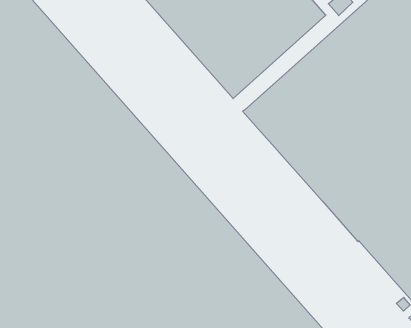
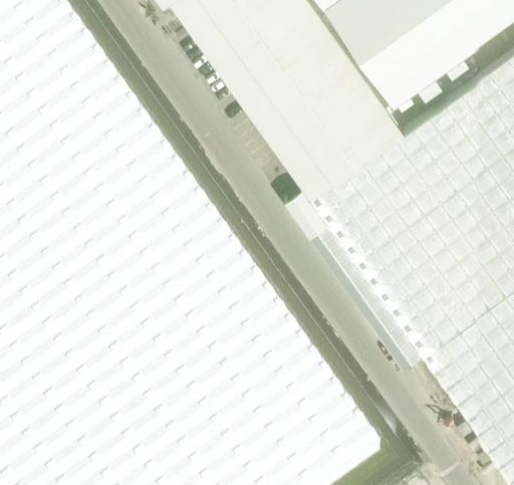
building: none -> [283,184,420,363]

